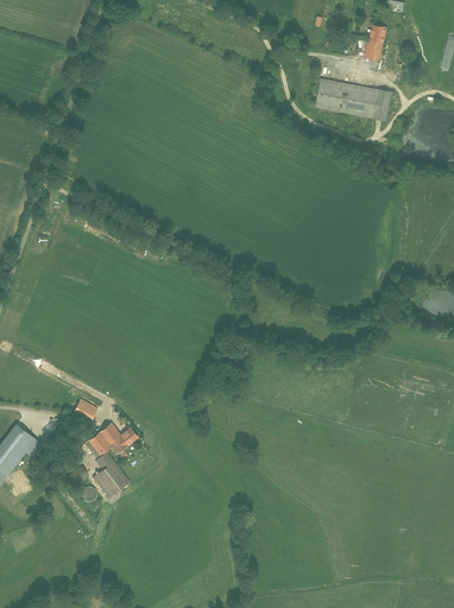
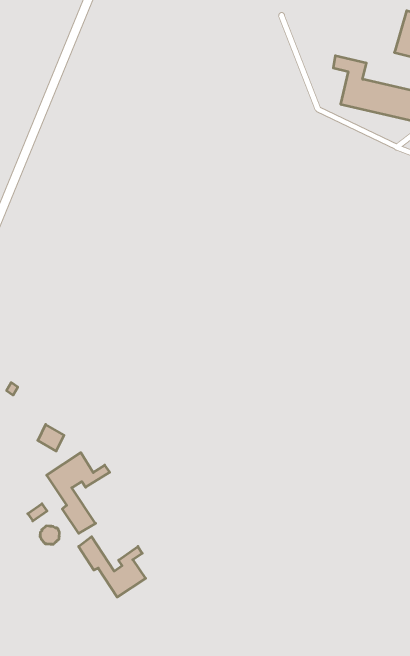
building: none -> [79,537,146,597]

